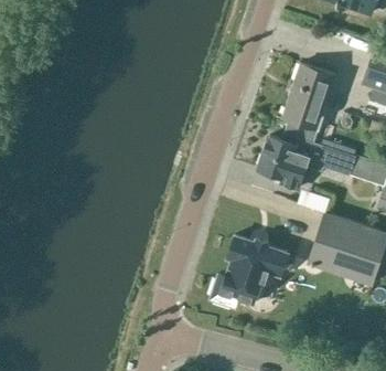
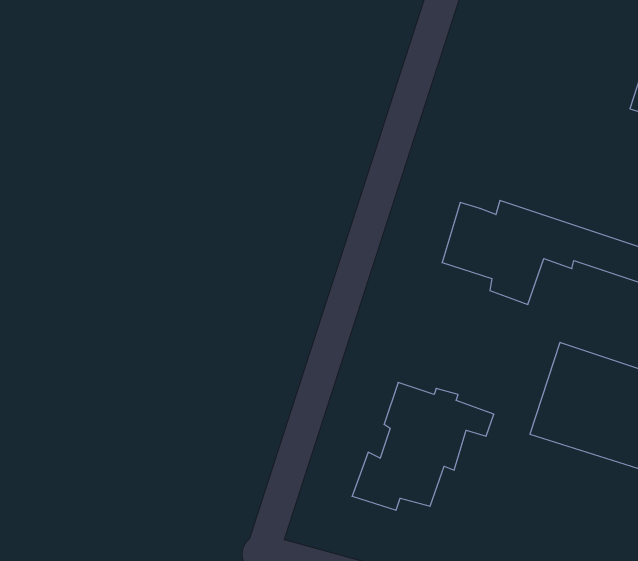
building: [280,64,336,144] -> none

